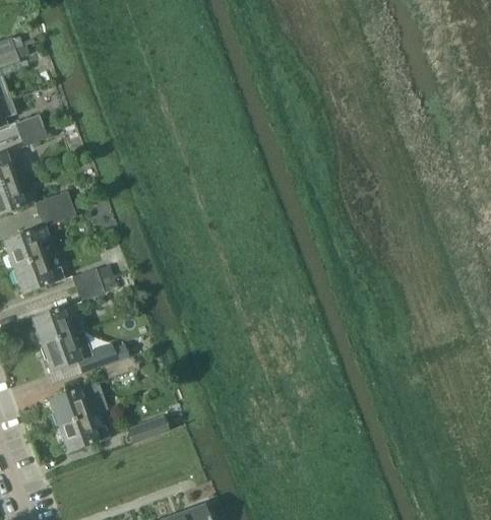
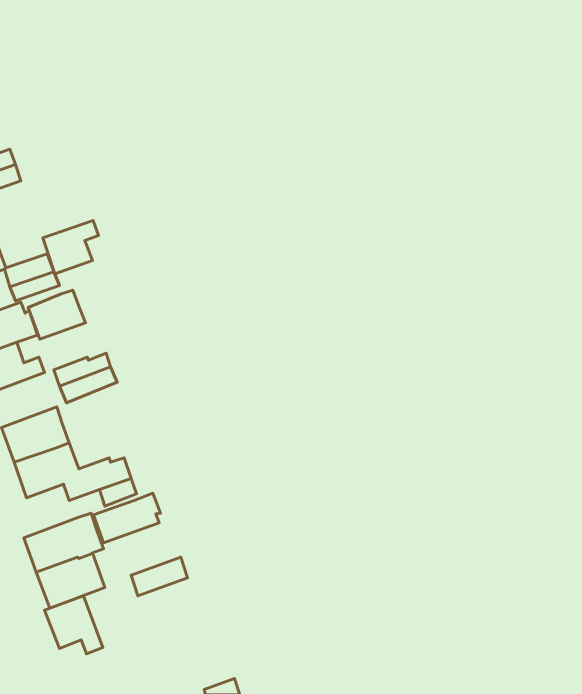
building: none -> [43,220,99,274]
building: none -> [28,290,86,339]
building: none -> [93,493,161,543]
building: none -> [45,596,103,654]

